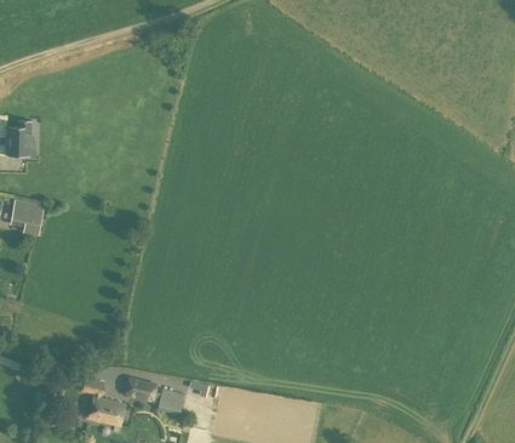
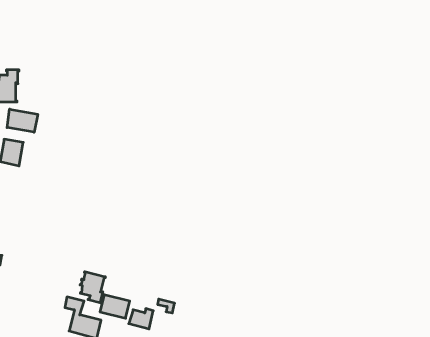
building: none -> [7,109,38,132]
building: none -> [80,272,105,303]

